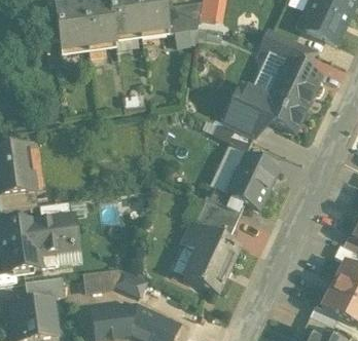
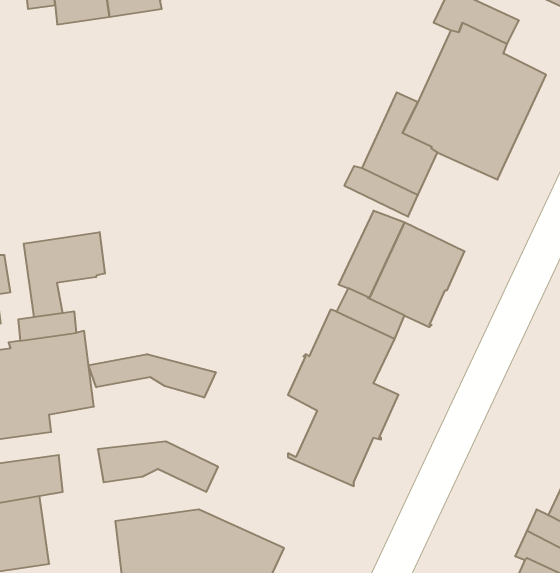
building: none -> [24,232,105,317]
building: none -> [89,354,216,398]

